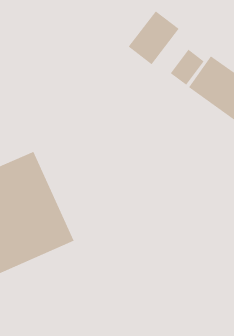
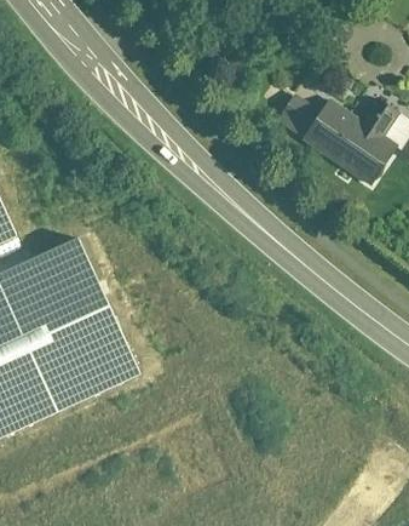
building: [128,10,179,65] -> none

